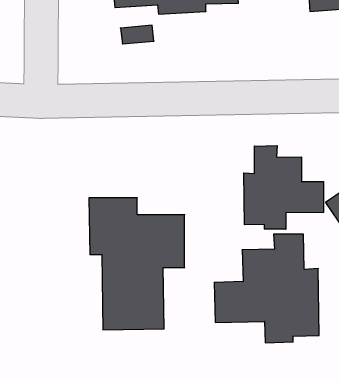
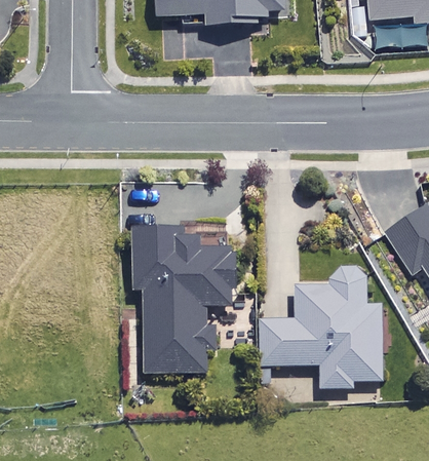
building: [244,146,324,229] -> none

